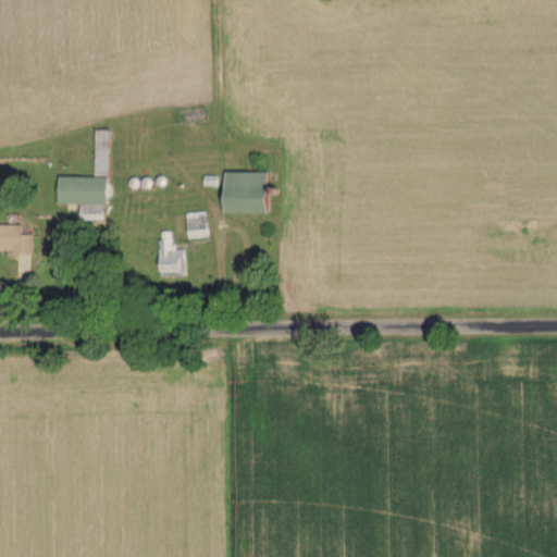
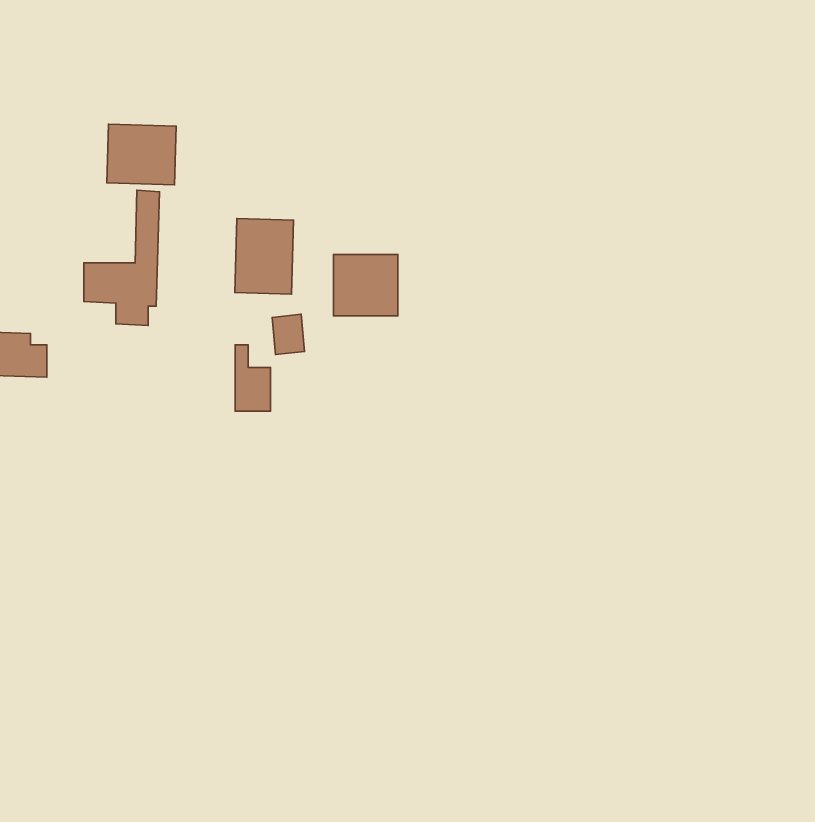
building: none -> [107,124,176,185]
building: none -> [235,219,294,294]

